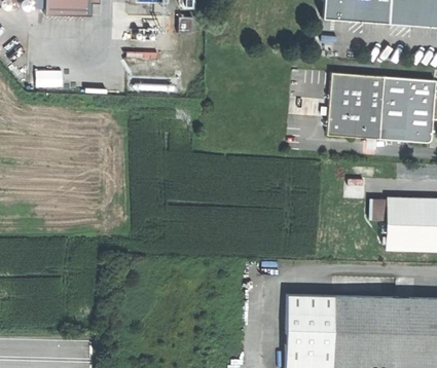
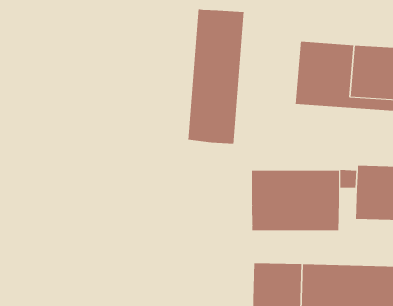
building: none -> [188,9,244,145]
building: none -> [251,170,340,231]

